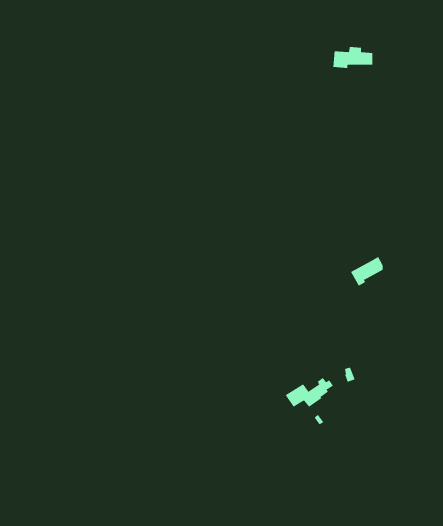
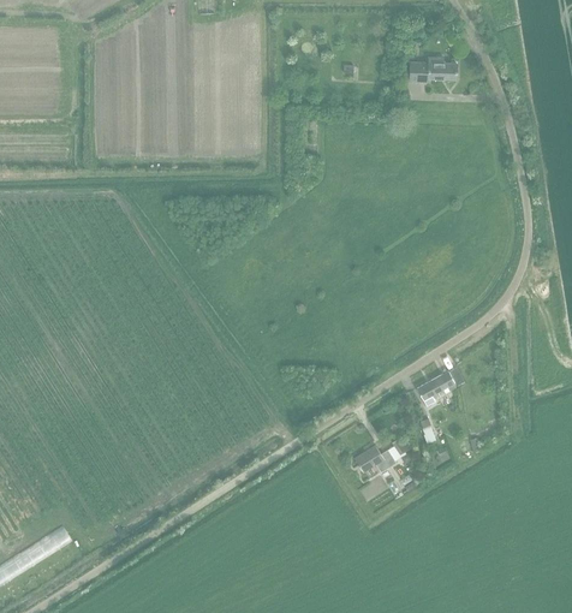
building: [350,256,384,286] -> [415,368,453,403]

